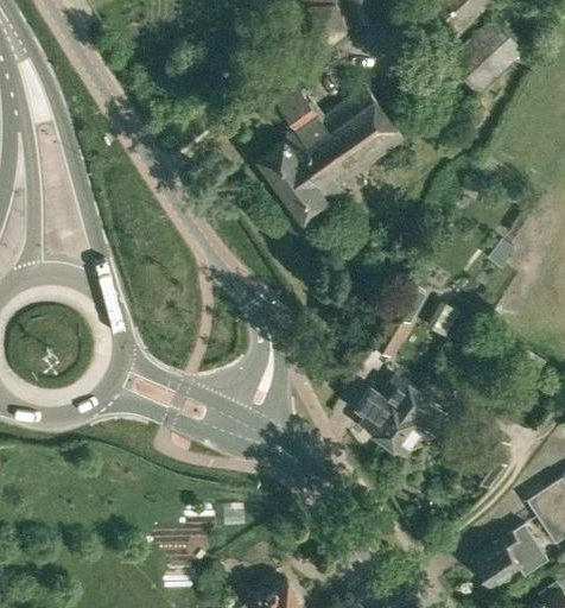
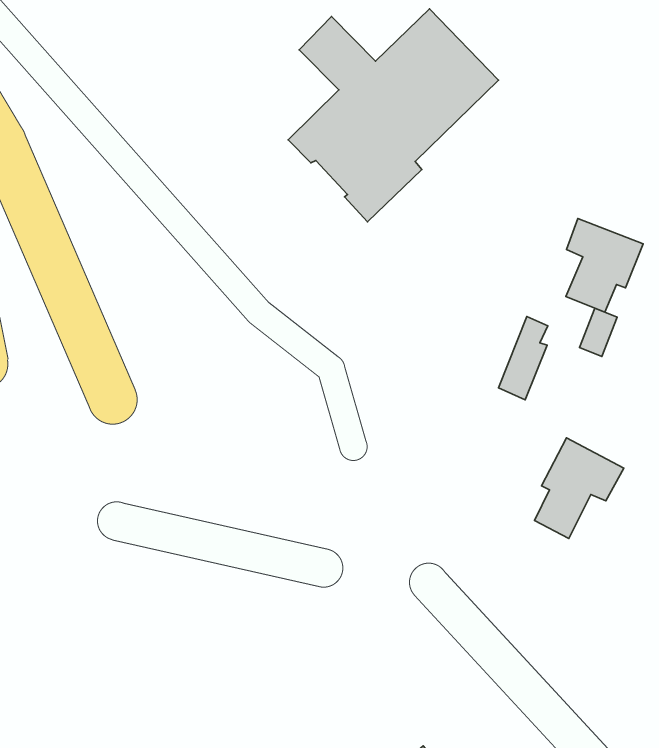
building: none -> [566,218,643,312]
building: [355,375,413,441] -> none

